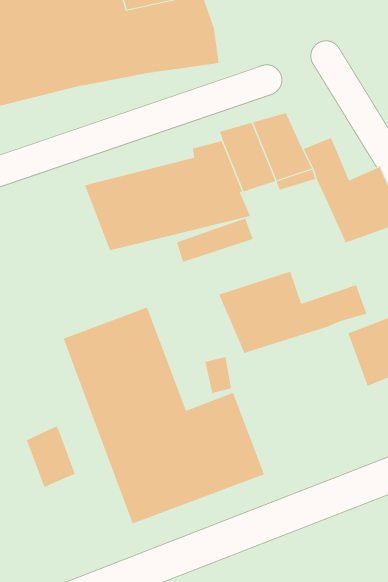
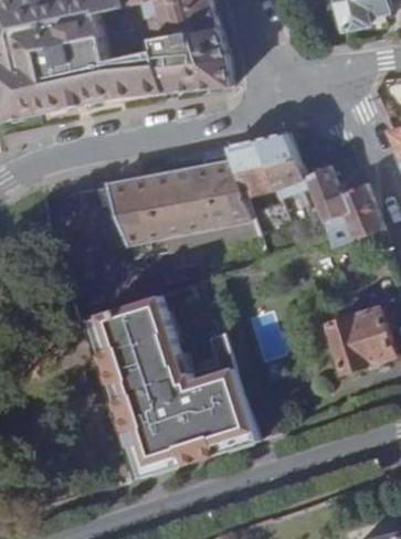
building: [218,271,367,354] -> none
building: [26,425,76,488] -> none

